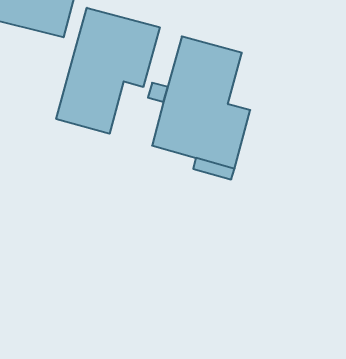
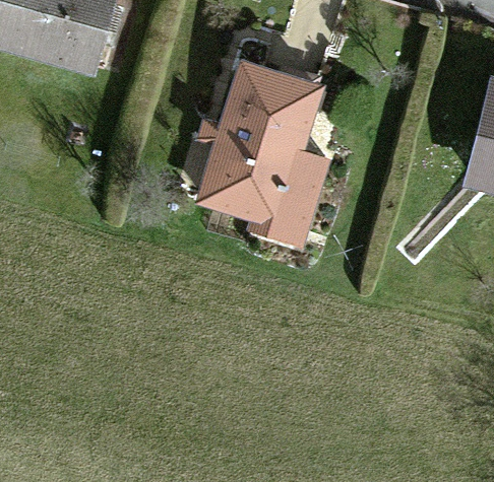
building: [56,8,160,134] -> none

